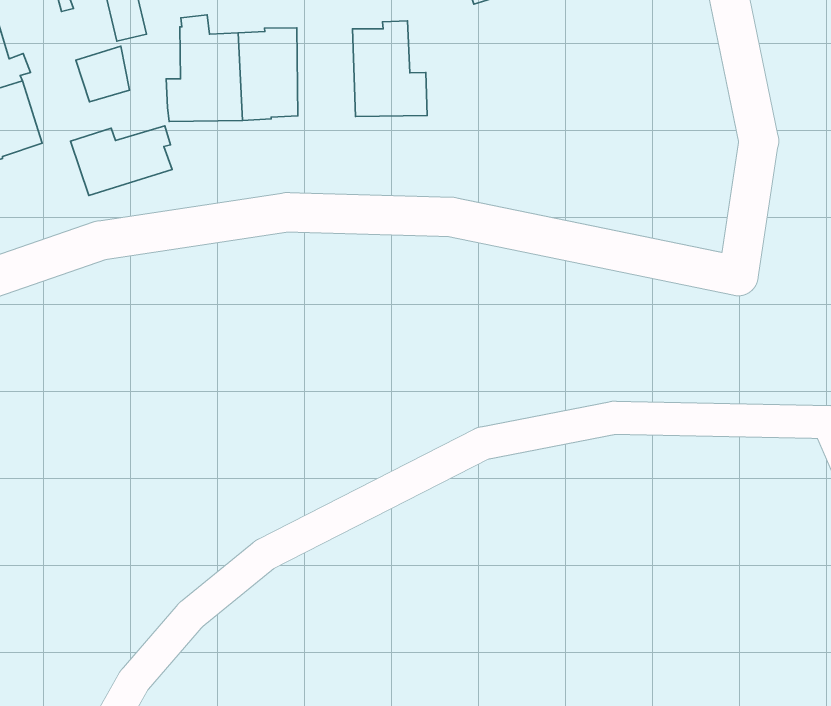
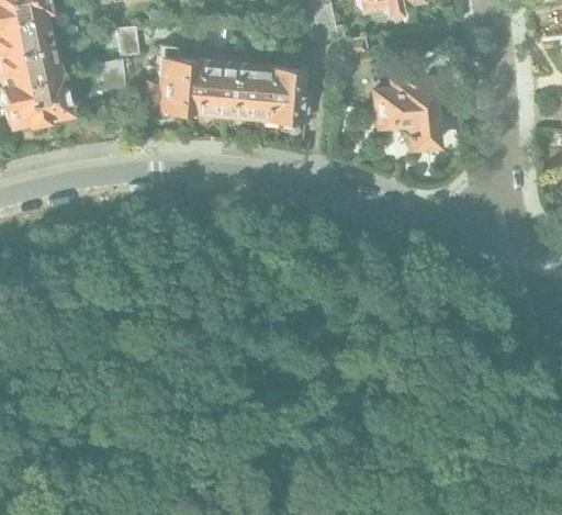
building: none -> [372,78,438,147]
building: none -> [227,59,267,117]
building: [71,126,172,196] -> none

